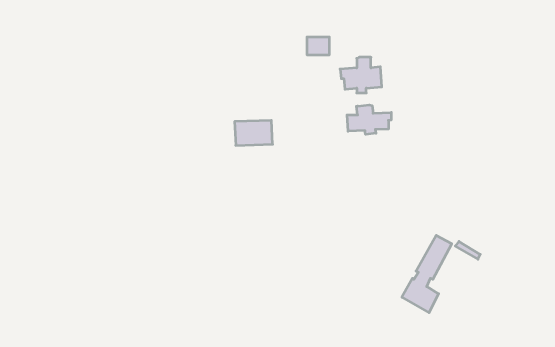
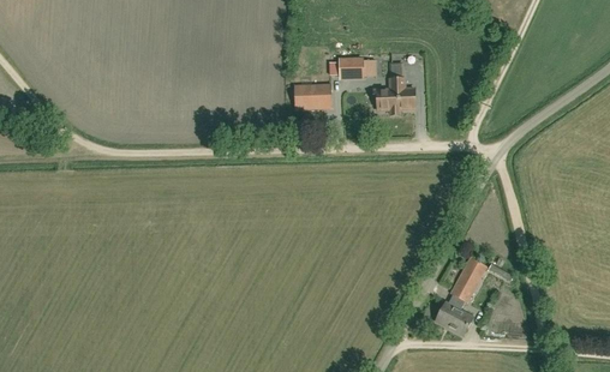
building: [347,105,391,134] -> none
building: [235,120,273,145] -> [294,84,333,109]

